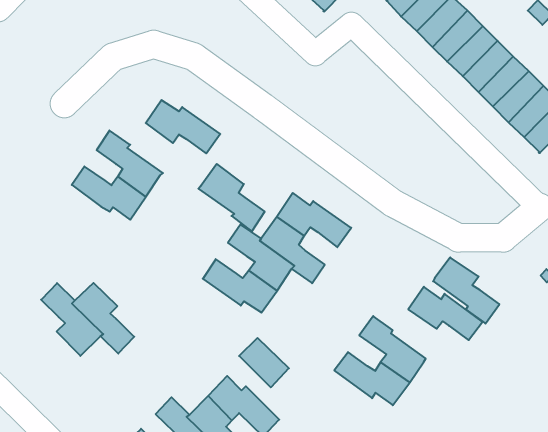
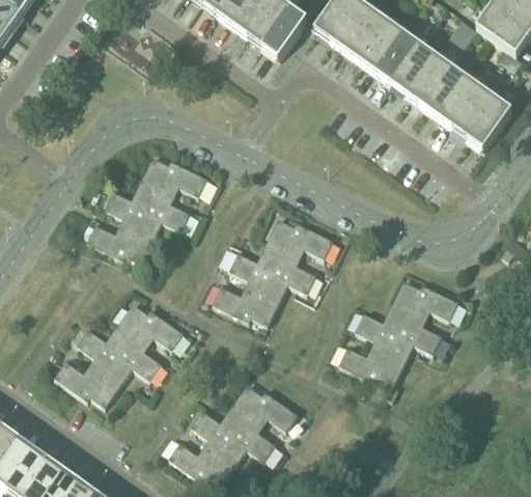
building: [198,164,265,231] -> [130,178,190,231]
building: [433,257,499,324] -> [382,302,442,354]
building: none -> [119,303,184,350]
building: none -> [54,360,118,407]
building: [239,338,289,387] -> none

